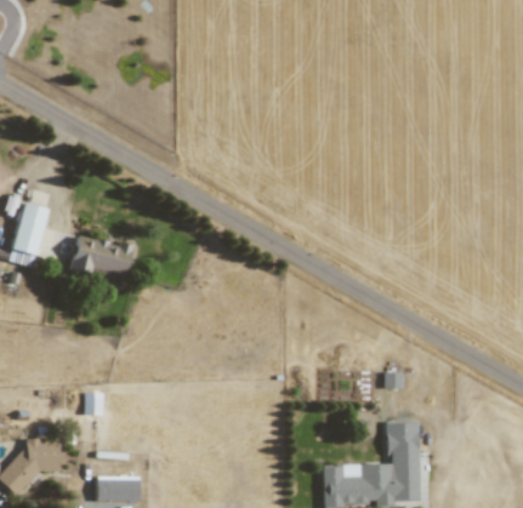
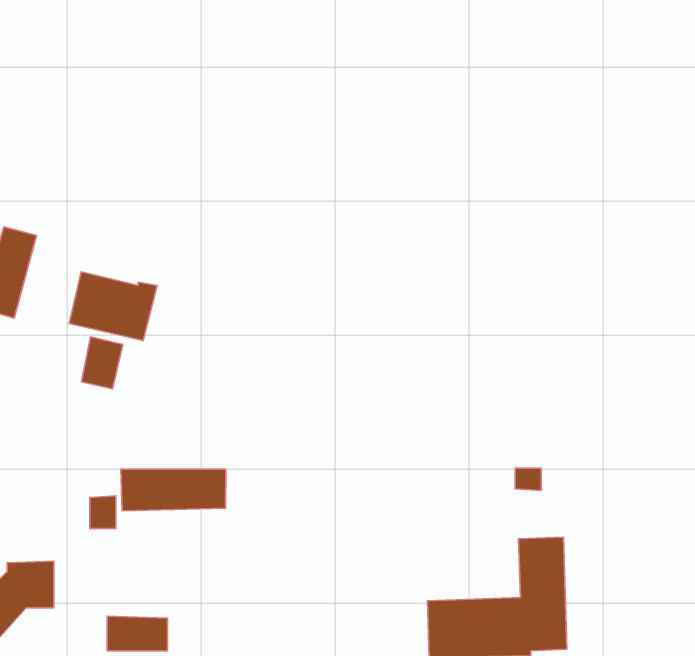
building: none -> [82,337,123,389]
building: none -> [121,469,226,511]

